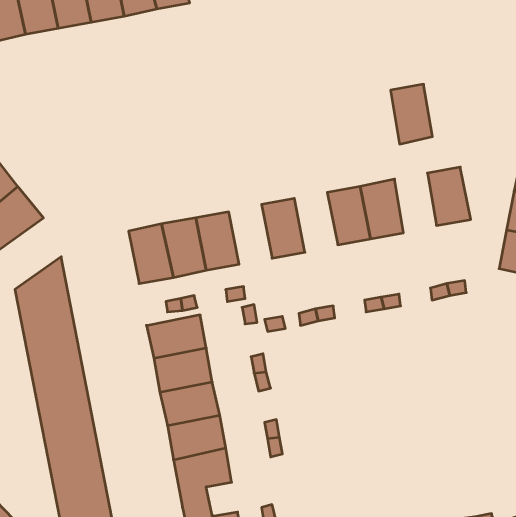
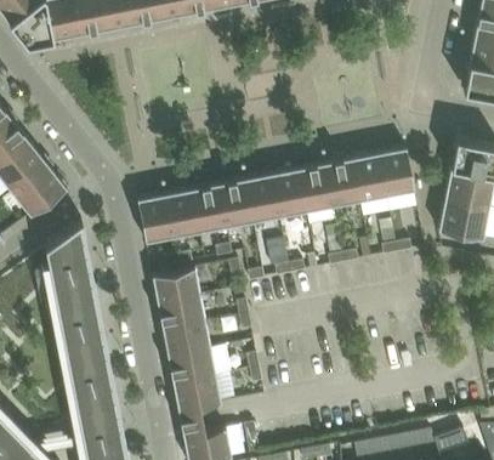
building: [391,84,432,144] -> [352,154,386,203]
building: none -> [271,170,306,218]
building: none -> [217,180,252,228]

